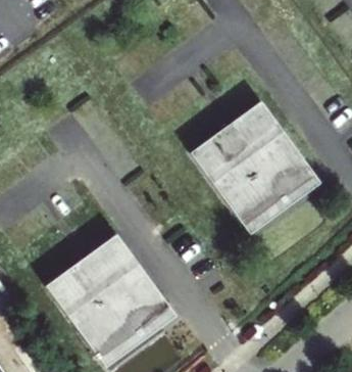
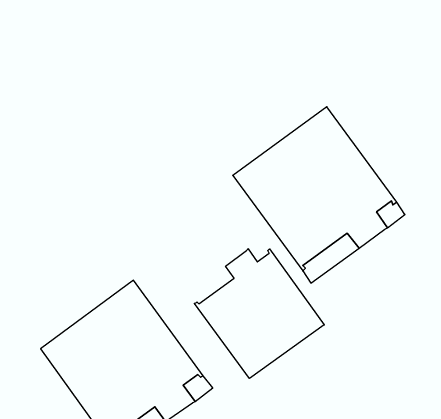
building: none -> [194,249,324,378]

